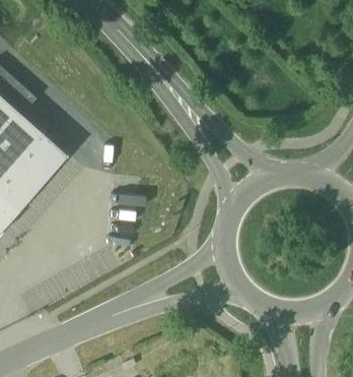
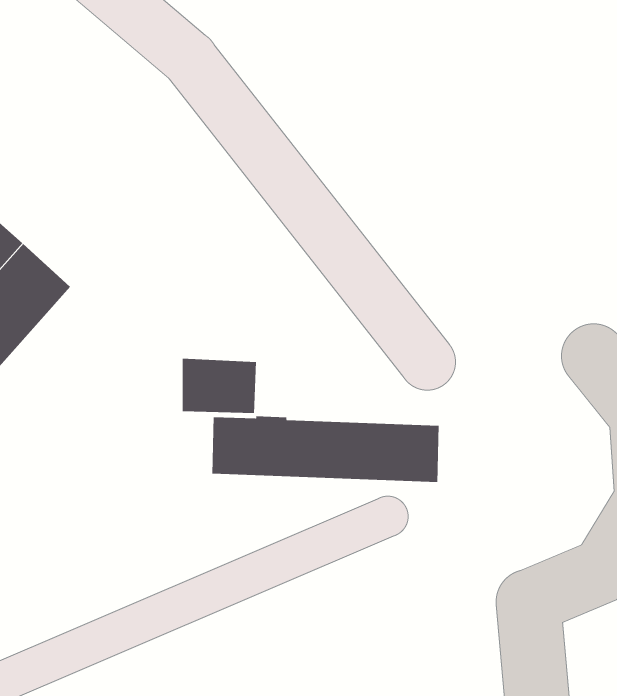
building: none -> [212,415,439,483]

